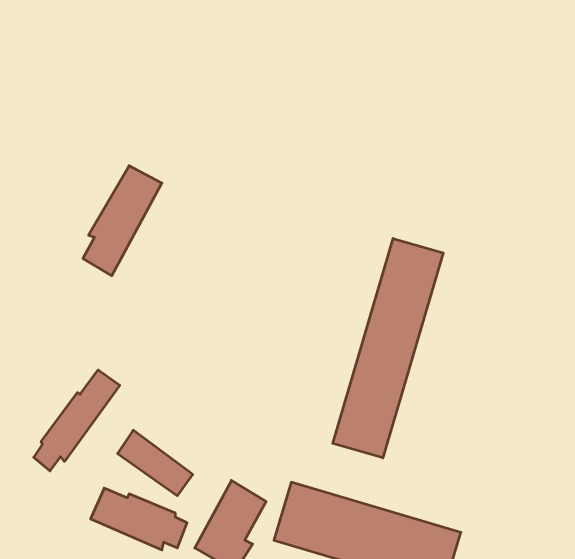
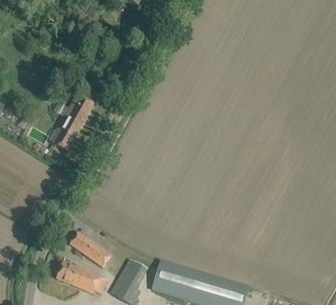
building: [333,238,443,458] -> none
building: [34,370,120,471] -> none

